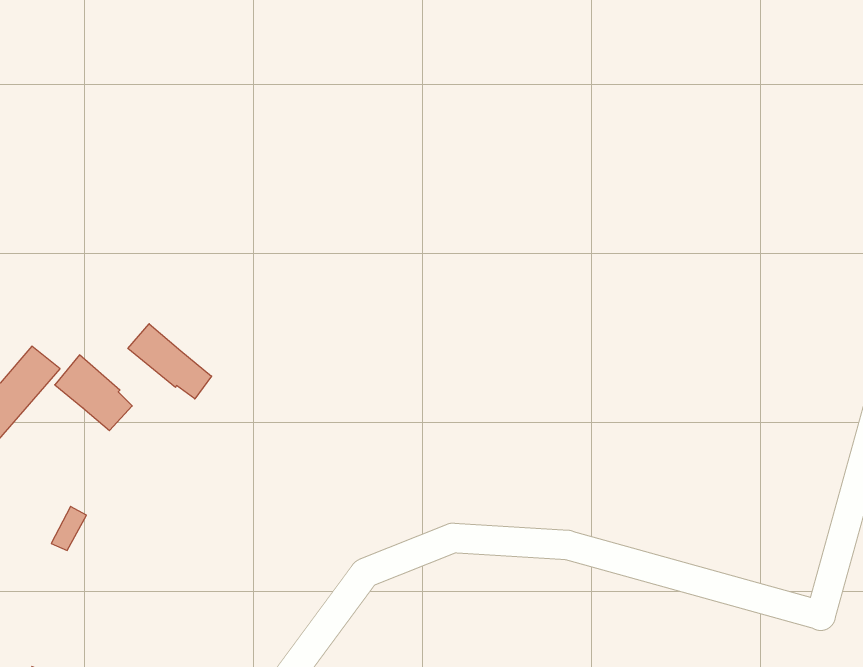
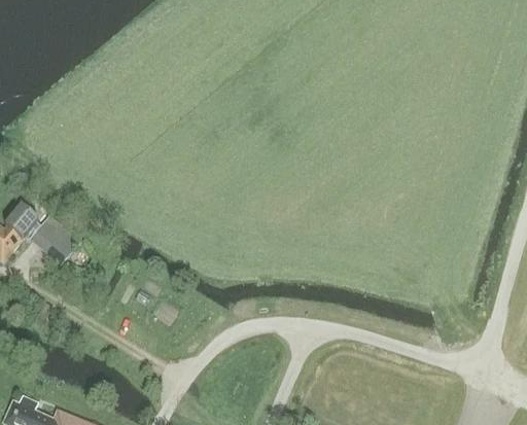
building: [128,324,212,399] -> none

